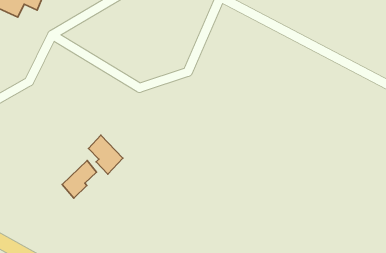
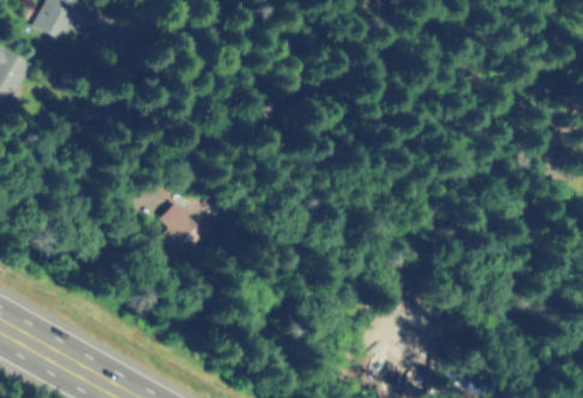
building: [62,161,97,198] -> none

